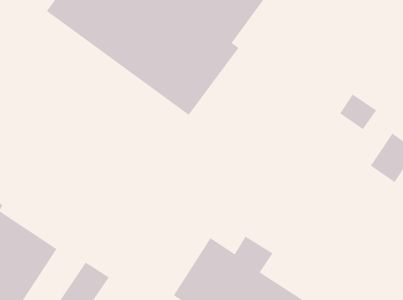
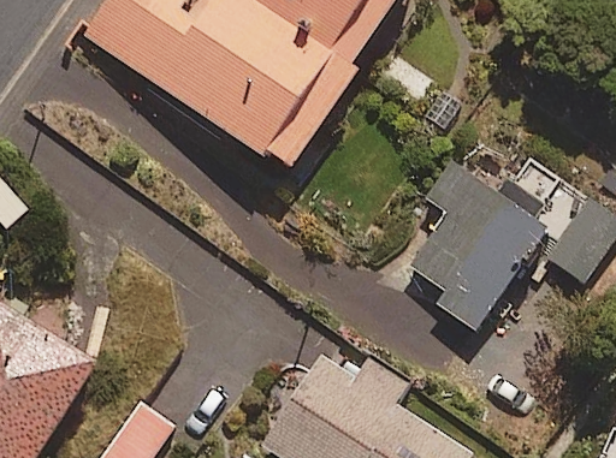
building: none -> [401,160,547,329]

